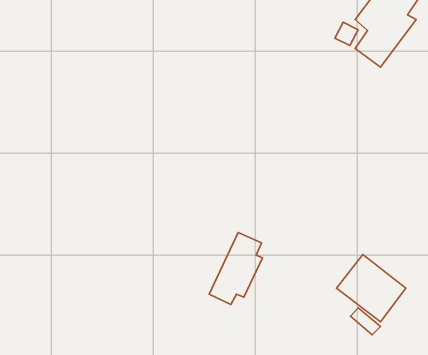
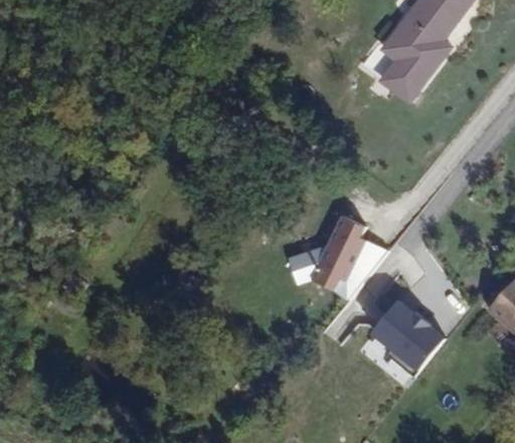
building: [209,233,263,305] -> [309,213,366,291]

